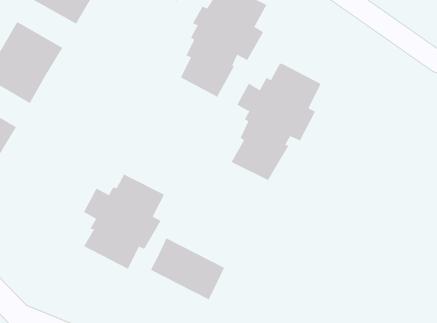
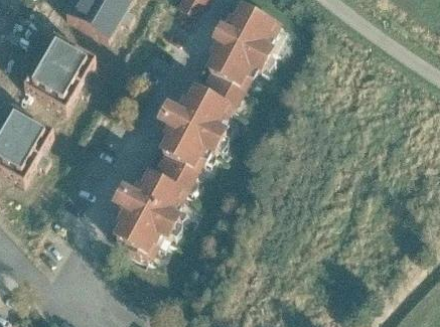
building: [231,63,321,181] -> [153,83,236,190]
building: [150,237,225,300] -> none

